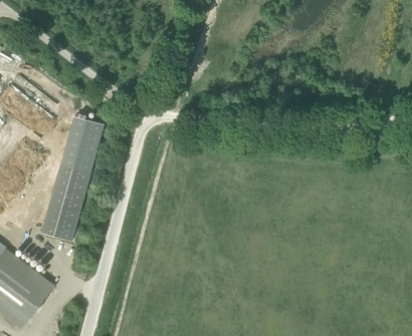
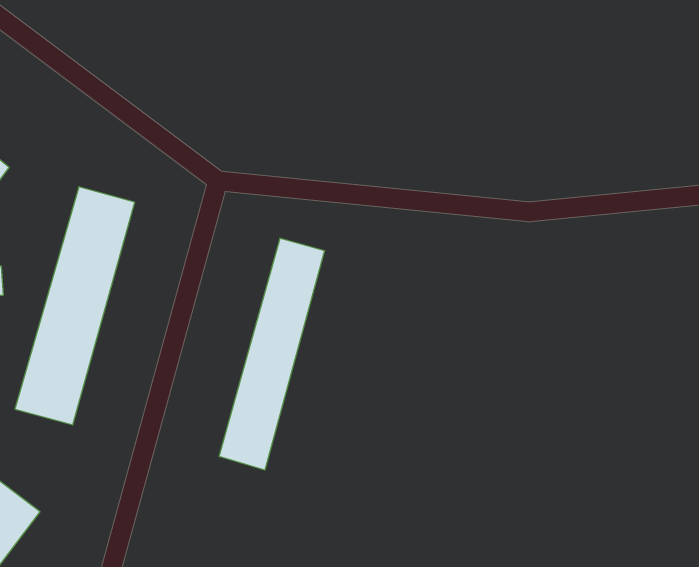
building: none -> [219,238,324,470]

